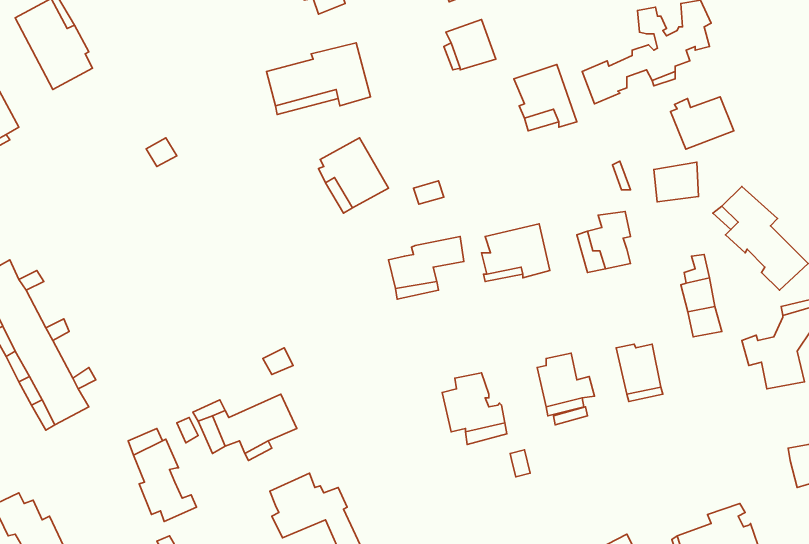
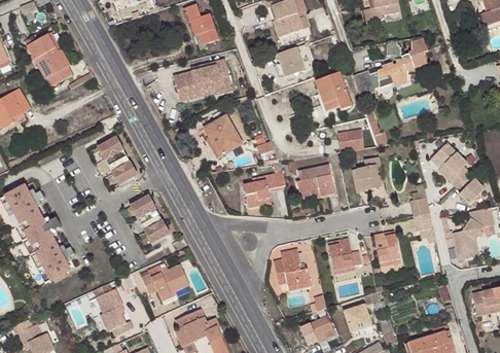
building: [671,97,734,149] -> none
building: [654,162,699,202] -> [337,129,363,151]
building: none -> [97,137,136,185]
building: none -> [130,195,170,243]
building: none -> [345,304,372,331]
building: none -> [301,316,336,344]

